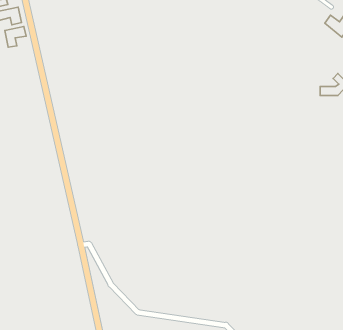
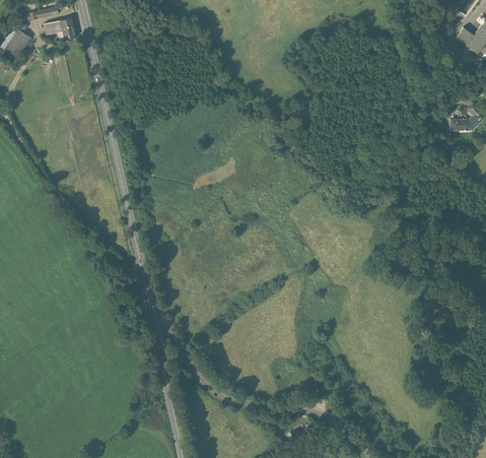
building: [5,26,26,47] -> none

